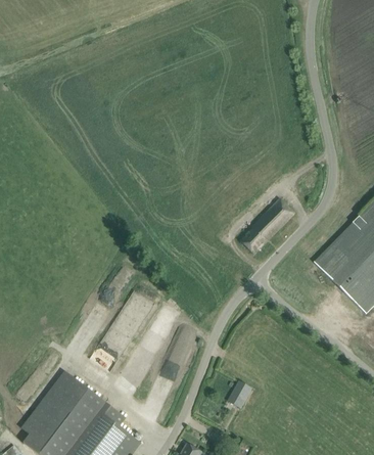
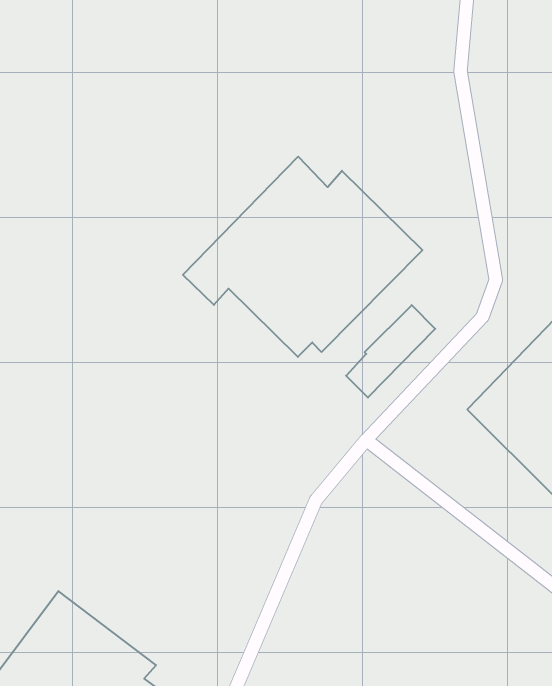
building: none -> [183,157,422,357]
building: [227,379,252,408] -> none

